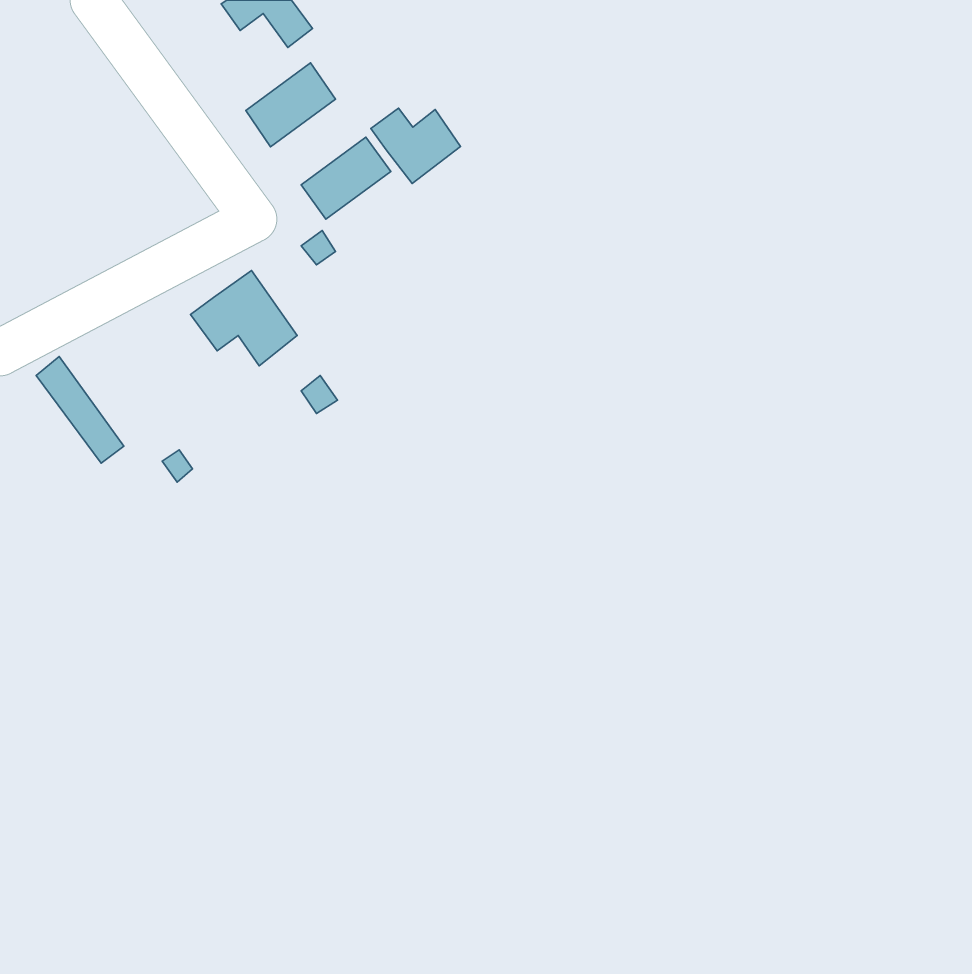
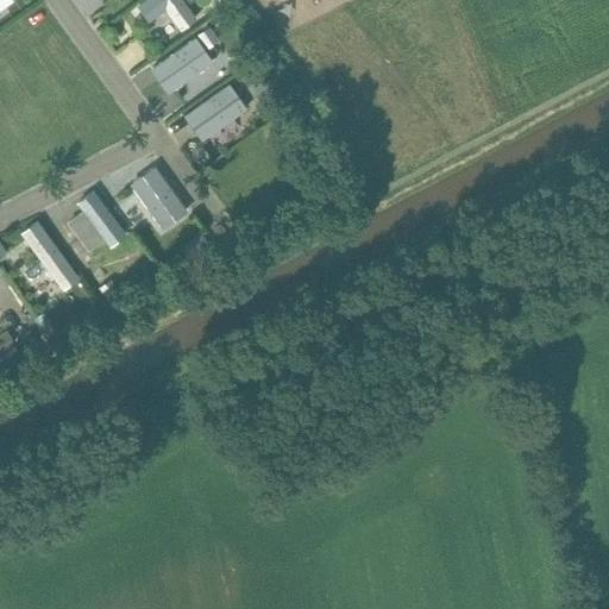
building: [371,108,460,184] -> none
building: none -> [70,192,126,245]

